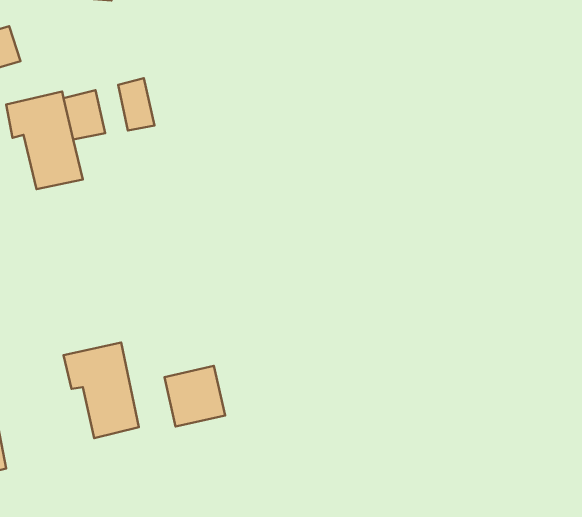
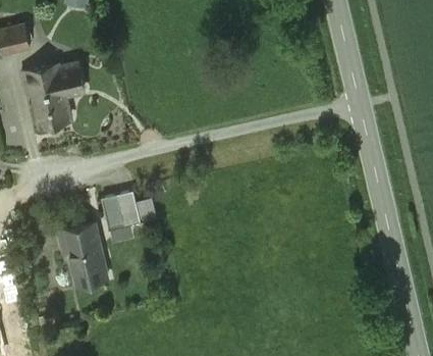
building: [118,78,154,130] -> none
building: [164,366,225,427] -> [102,194,141,233]

